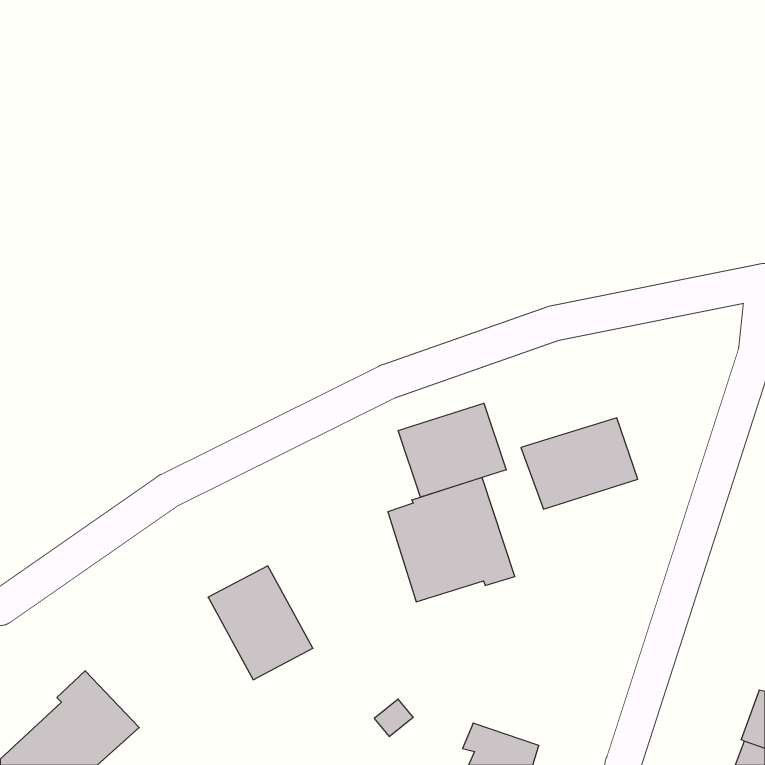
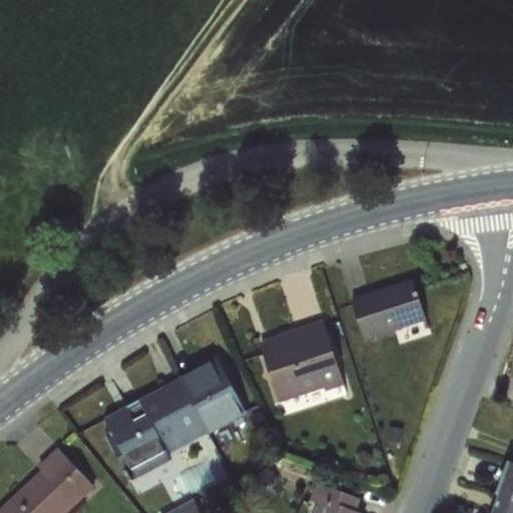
building: [398,403,506,497] -> none
building: none -> [179,358,247,436]
building: none -> [103,400,173,483]

